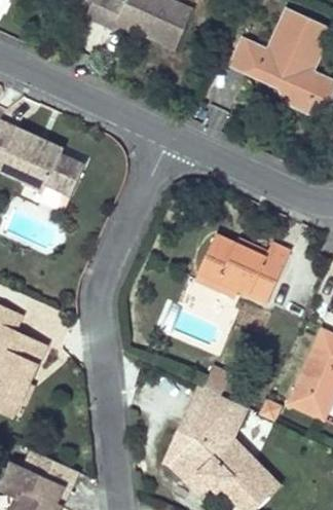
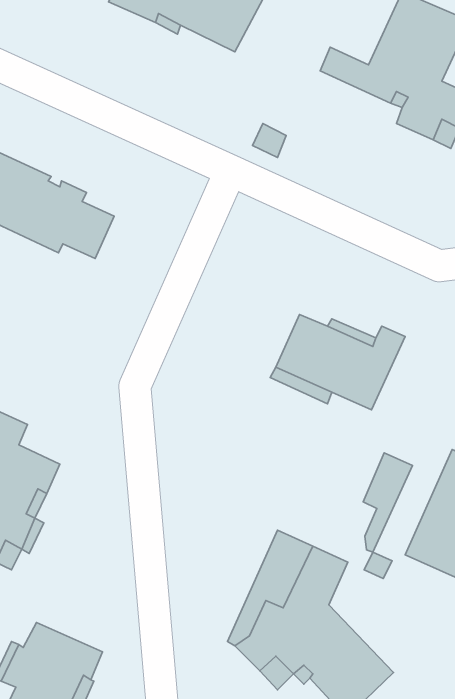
building: none -> [363,453,412,552]

